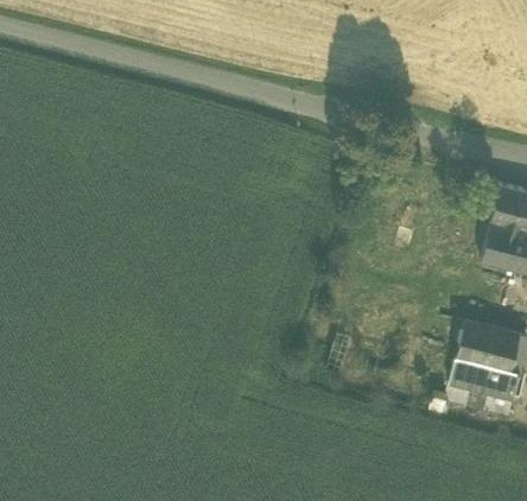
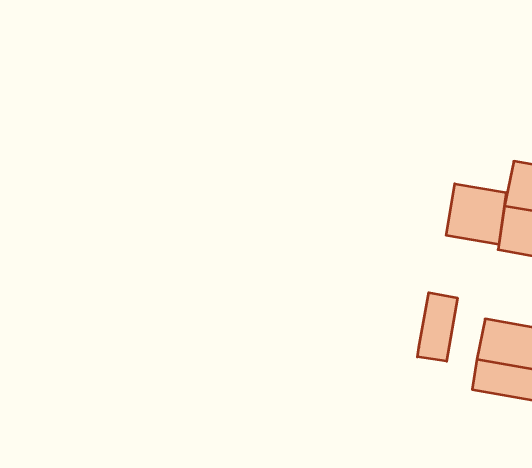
building: none -> [446,184,506,245]
building: none -> [417,293,457,361]

